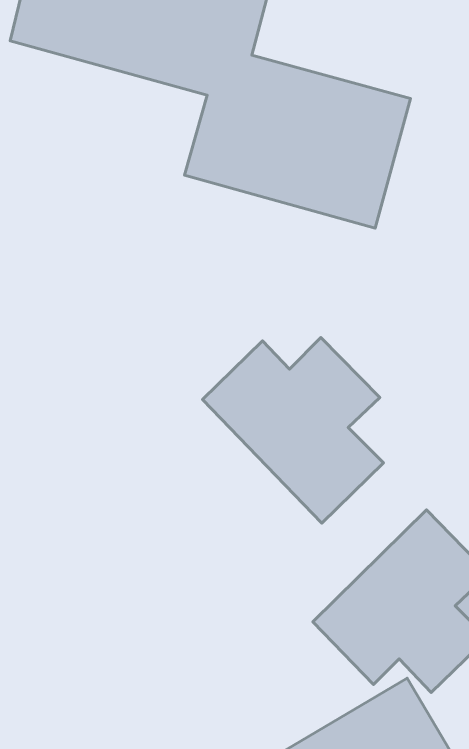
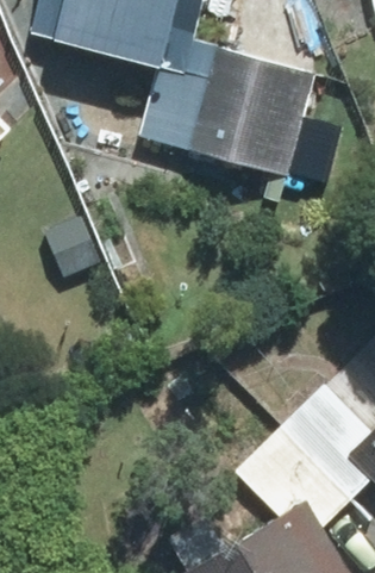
building: [202,337,383,523] -> none

